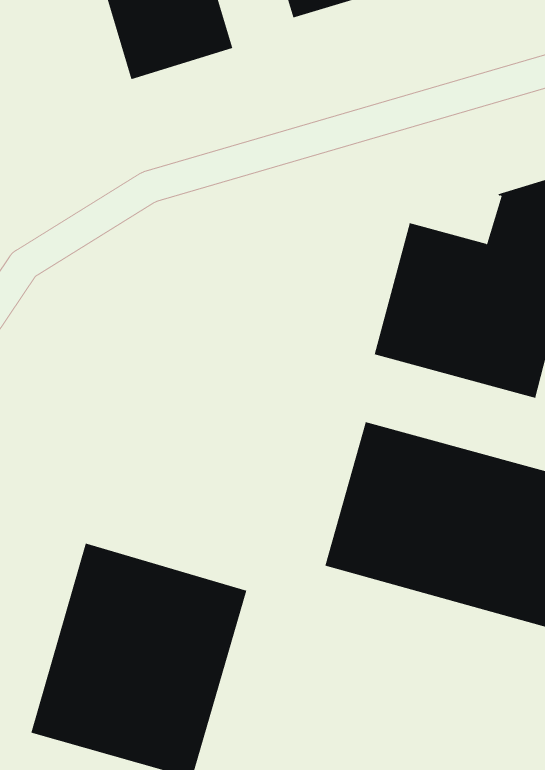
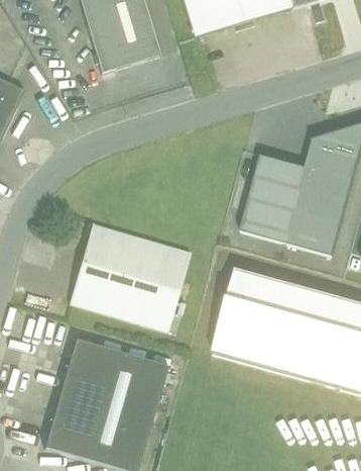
building: none -> [70,221,192,331]

